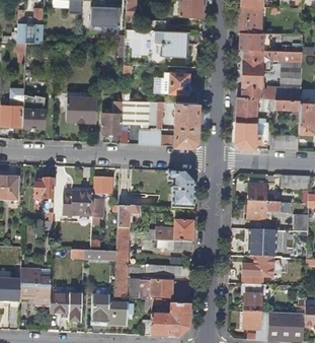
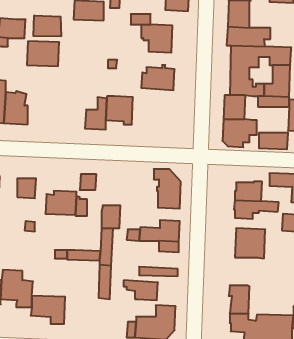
building: none -> [33,15,61,36]
building: [66,96,97,121] -> [27,41,59,66]
building: [139,100,199,146] -> none
building: [241,257,268,284] -> none
building: [91,295,128,325] -> none

